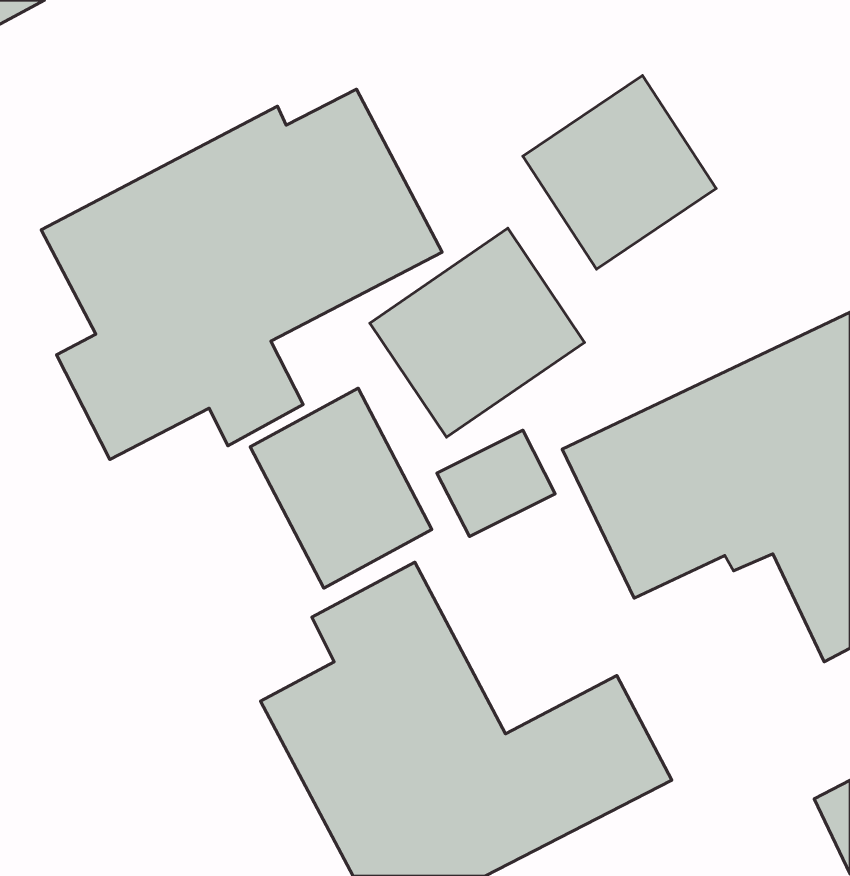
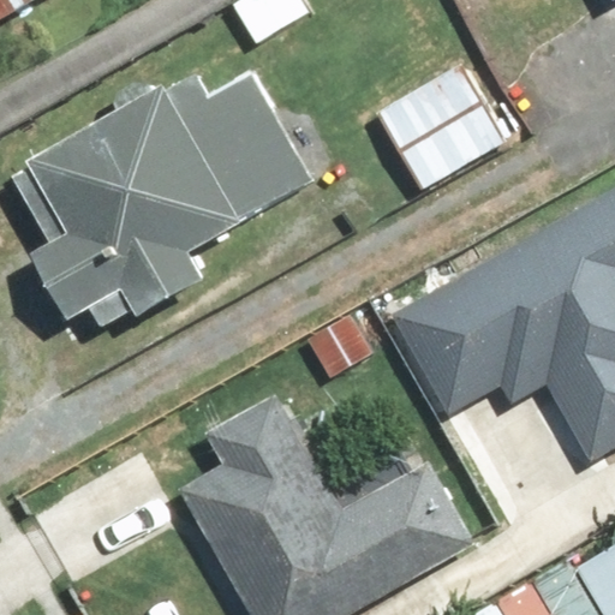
building: [370,228,584,437] -> none
building: [250,388,432,588] -> none

